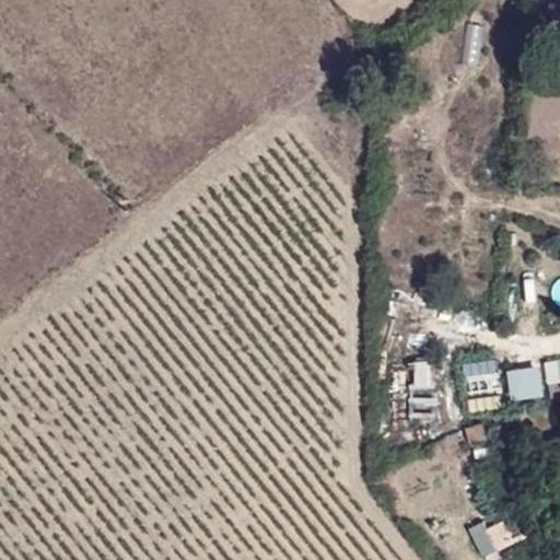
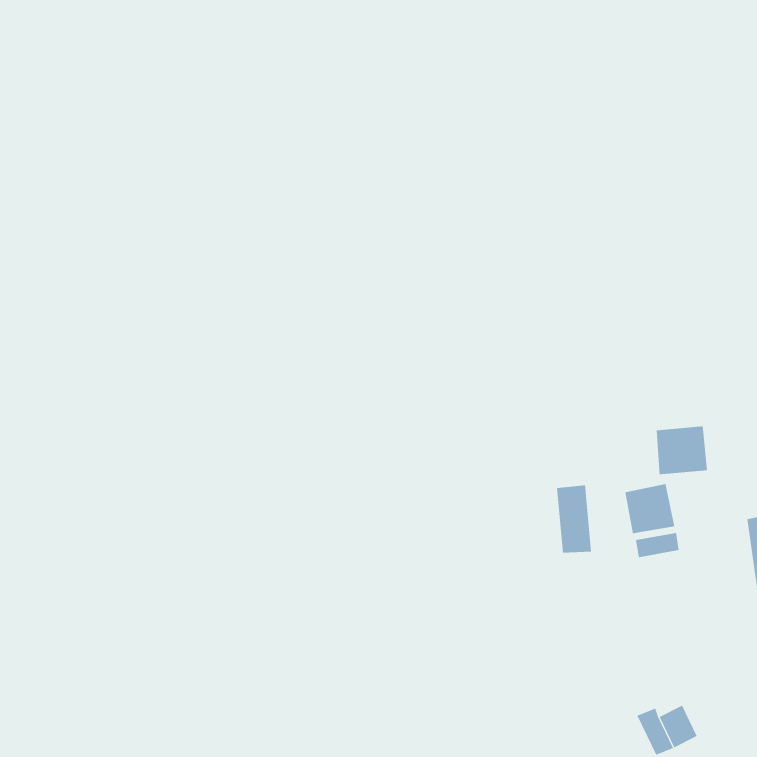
building: [508,365,546,401] -> [656,426,708,475]

